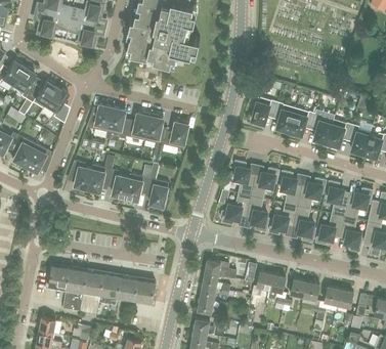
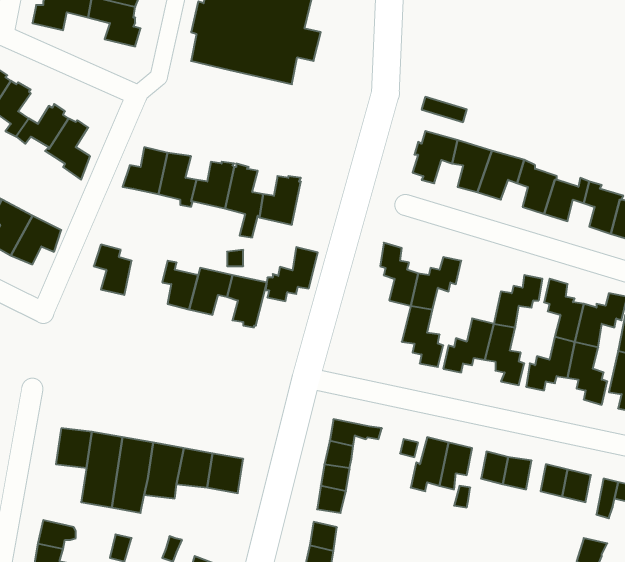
building: [88,165,113,192] -> none
building: [280,171,302,206] -> none
building: [221,192,251,223] -> [266,247,318,301]

